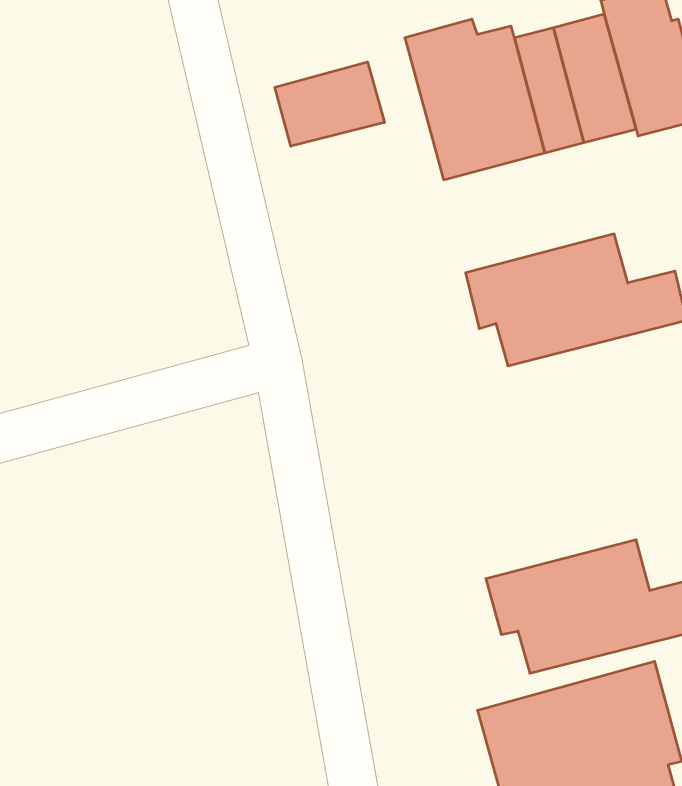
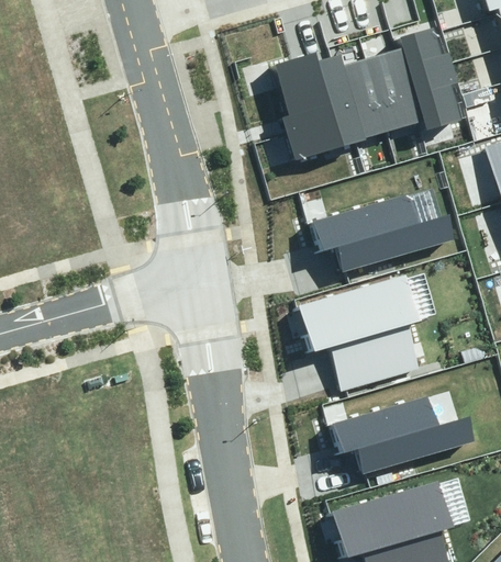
building: [275,62,384,146] -> none
building: none -> [291,271,420,390]

